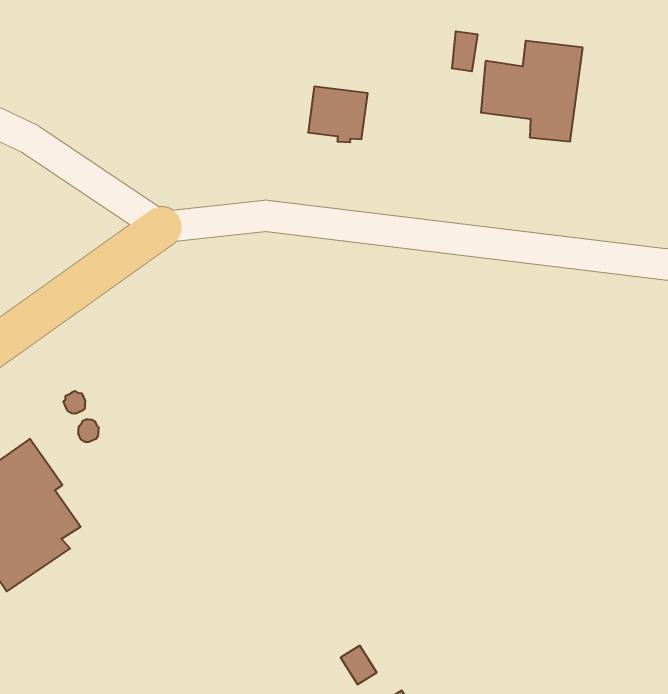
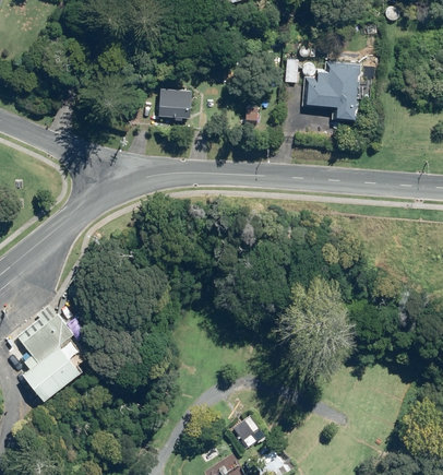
building: [308,87,368,142] -> [157,88,191,120]

